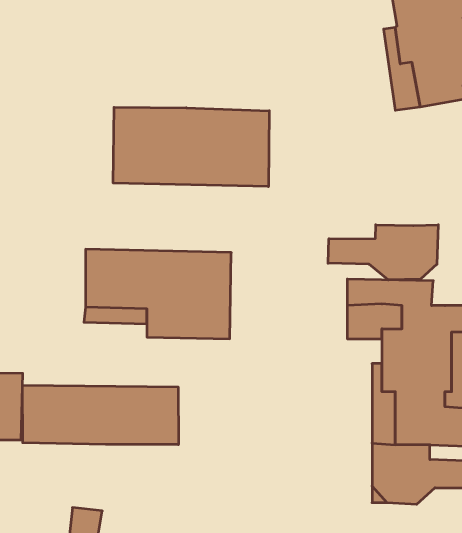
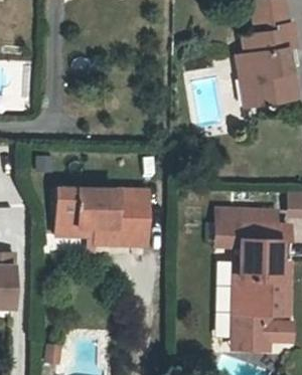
building: [113,107,269,187] -> none
building: [328,225,438,280] -> none
building: [22,385,178,445] -> none

